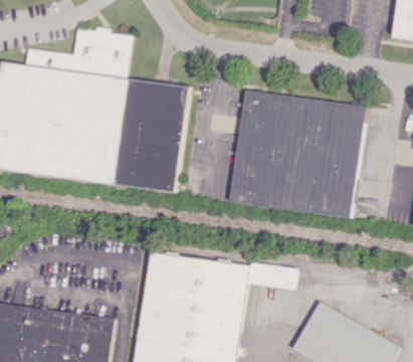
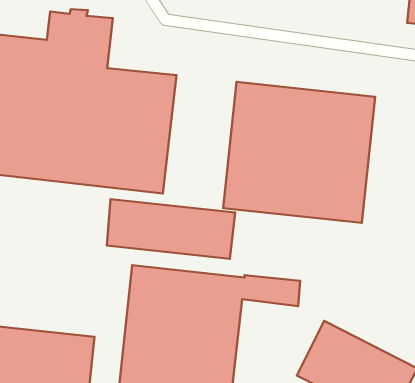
building: none -> [107,199,235,259]

